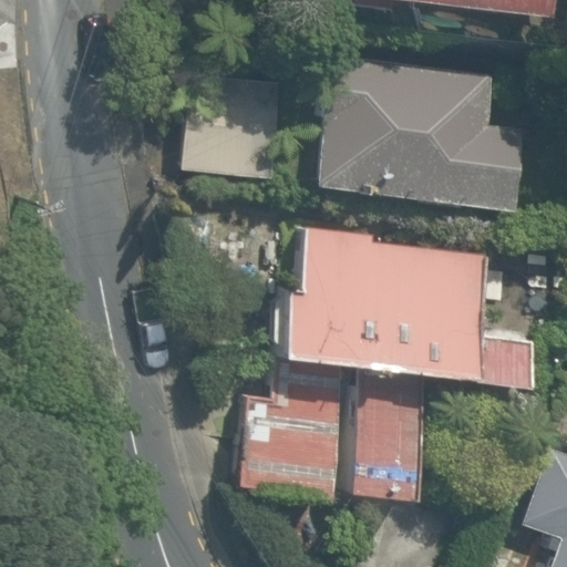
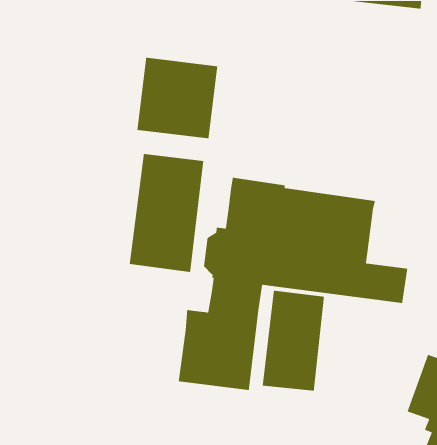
building: [318,56,523,209] -> none
building: none -> [129,153,204,273]

